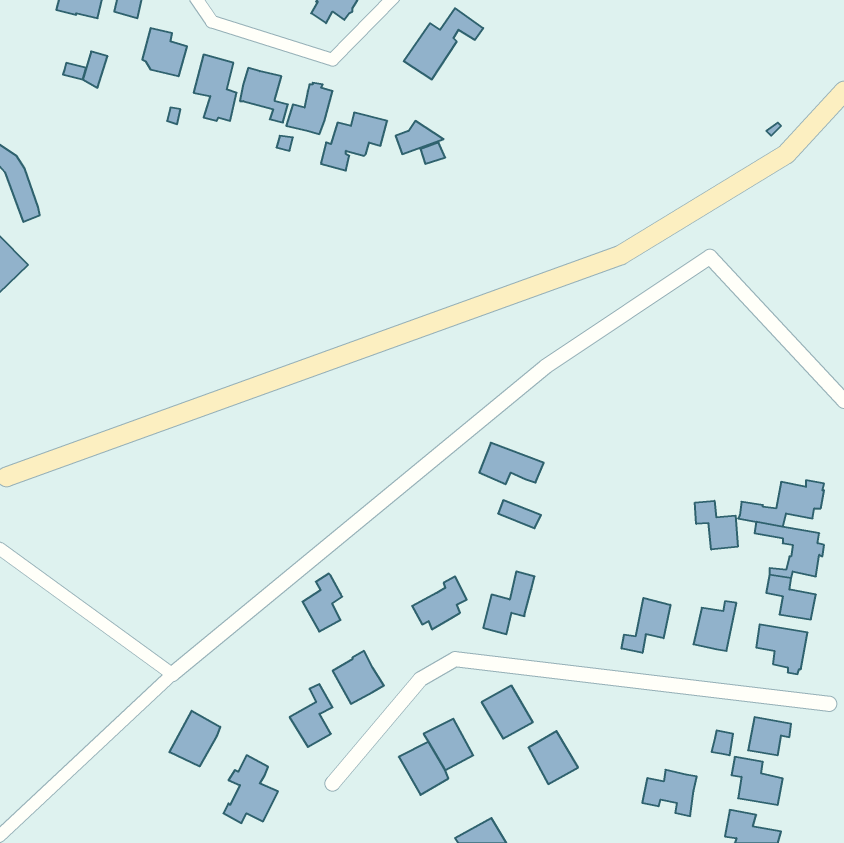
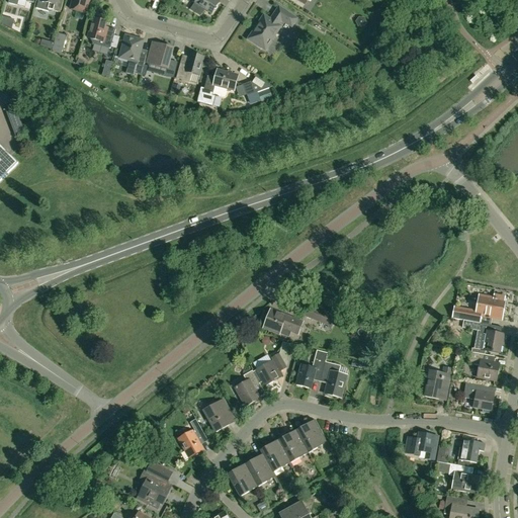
building: [479,443,544,484] -> [262,308,301,333]
building: [695,501,738,550] -> none
building: [302,574,342,632] -> [235,369,259,405]
building: none -> [321,360,345,395]
building: [622,598,670,653] -> none
building: [169,711,220,766] -> none
building: [528,731,578,784] -> [277,429,308,461]
building: none -> [227,462,257,495]
building: [642,770,697,816] -> [404,431,437,459]

